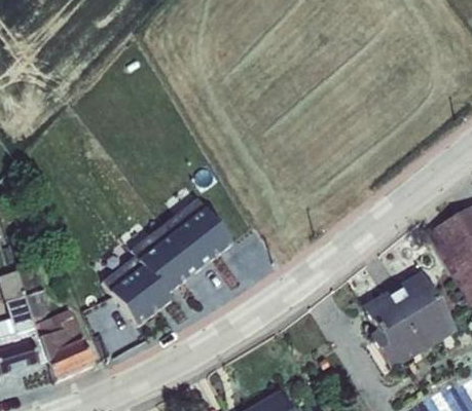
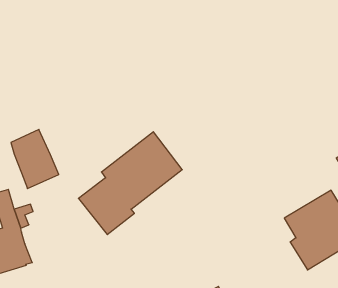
building: [35,305,95,379] -> [11,129,59,189]

